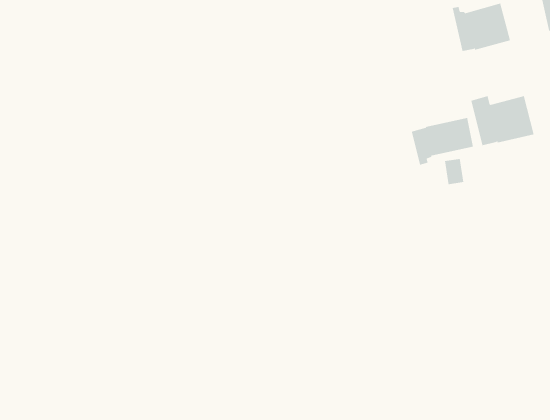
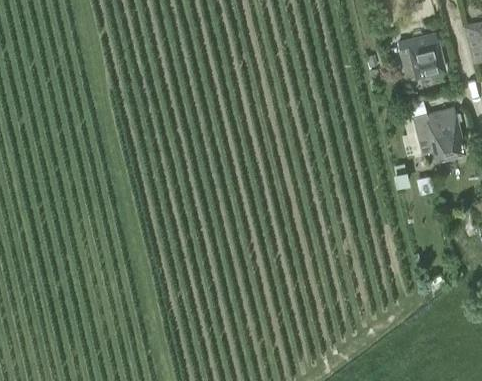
building: [411,117,473,166] -> none

